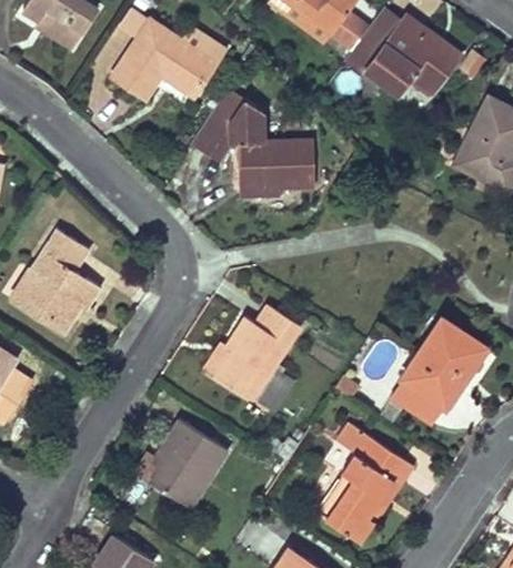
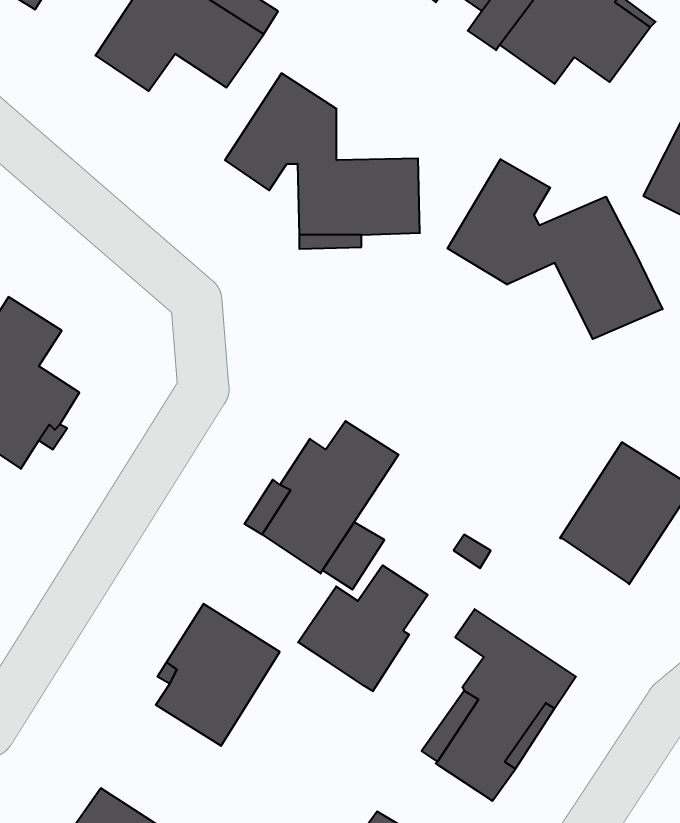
building: none -> [448,159,663,339]
building: [391,378,444,425] -> none
building: none -> [298,565,428,691]

